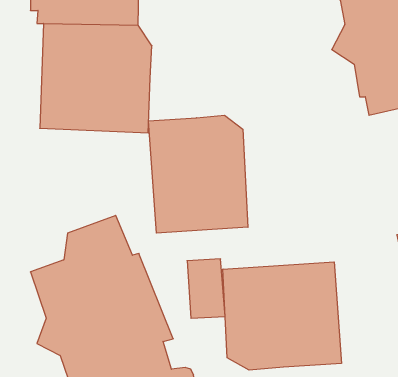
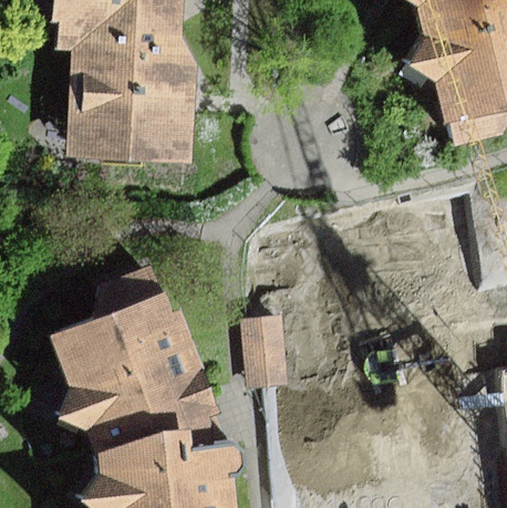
building: [149,115,248,233] -> none
building: [223,262,341,370] -> none

